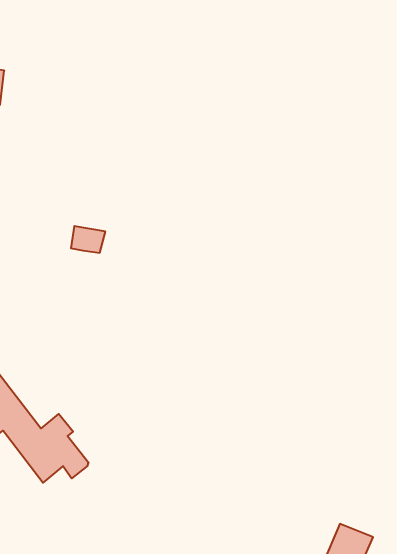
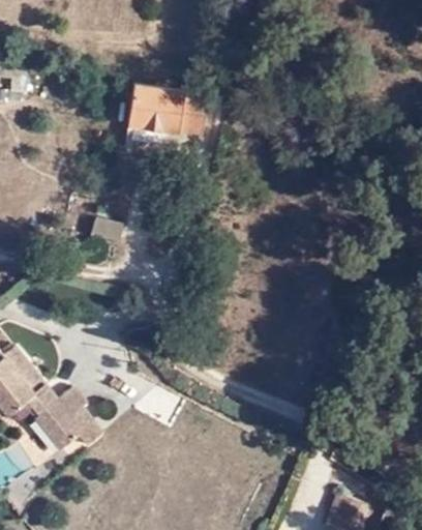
building: none -> [126,87,203,144]

